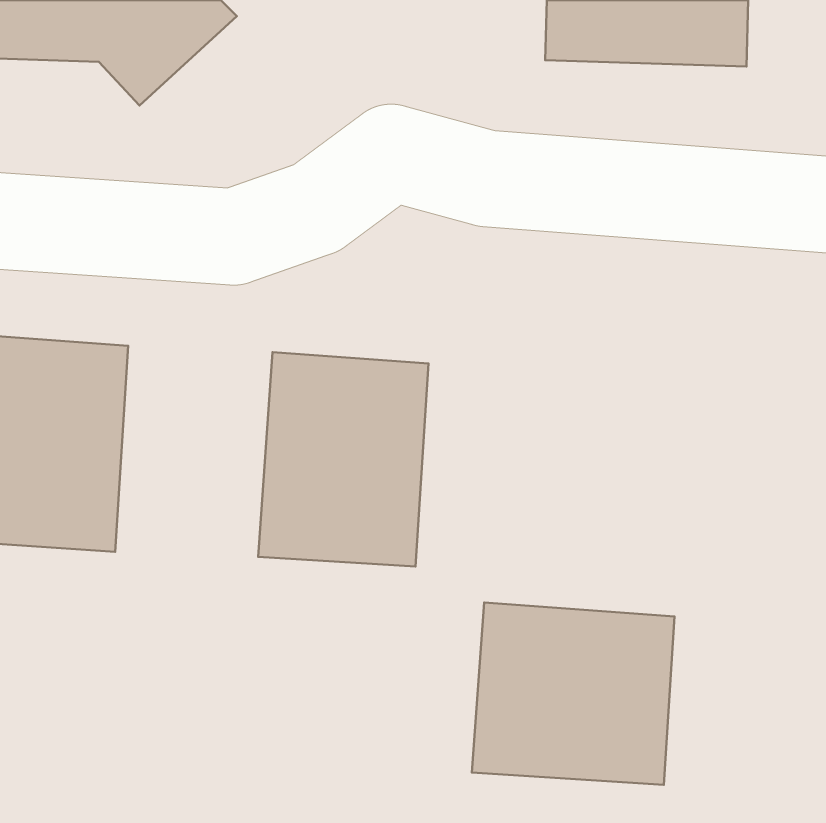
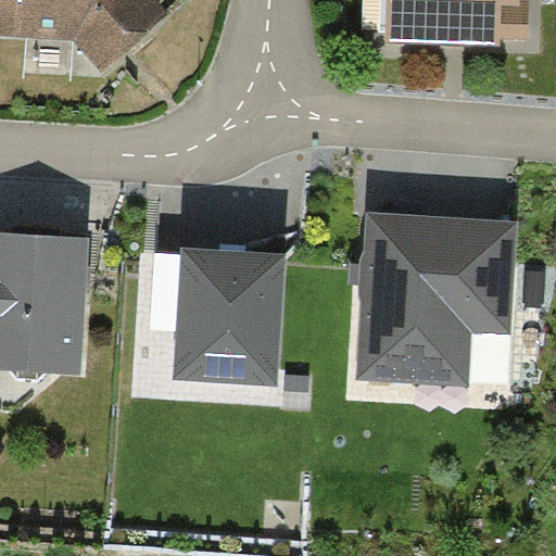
building: none -> [357,212,517,387]
building: [472,603,675,785] -> none

